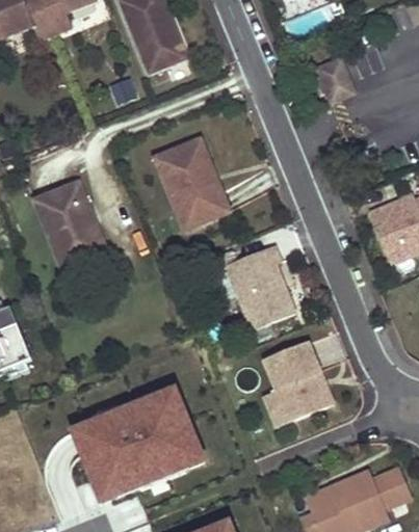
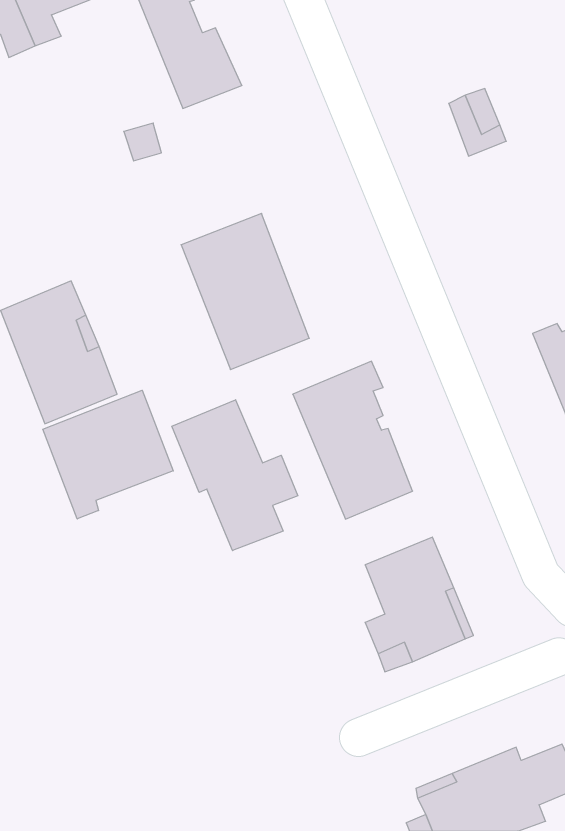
building: none -> [43,390,173,519]
building: none -> [172,400,298,551]
building: [67,391,208,512] -> none

